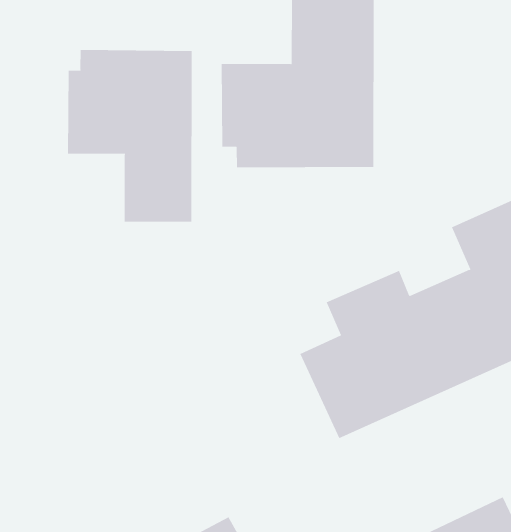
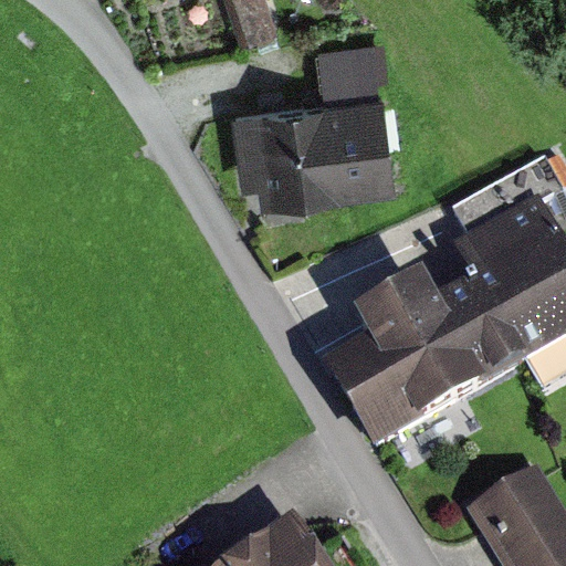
building: [67,49,192,223] -> none

